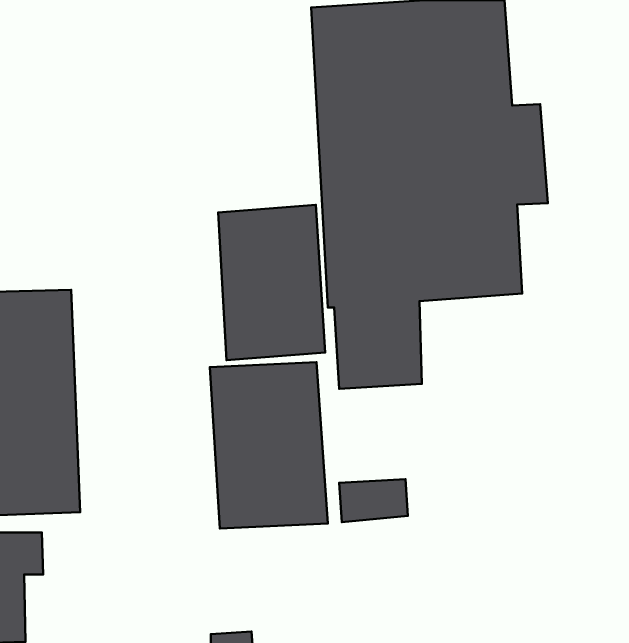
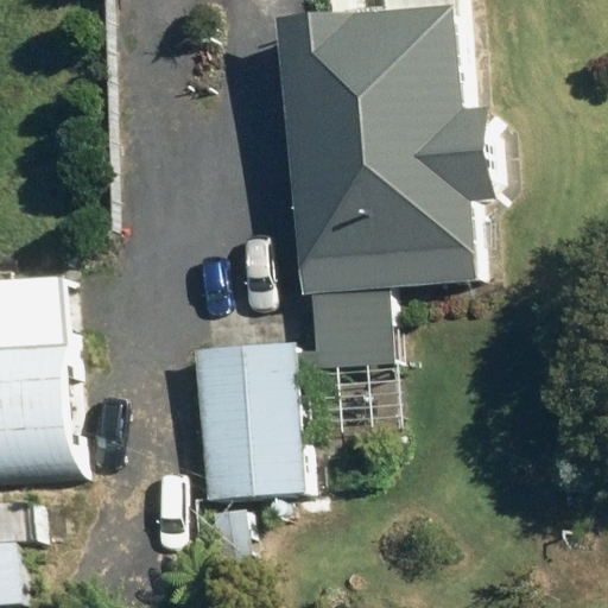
building: [218,205,325,360] -> none

